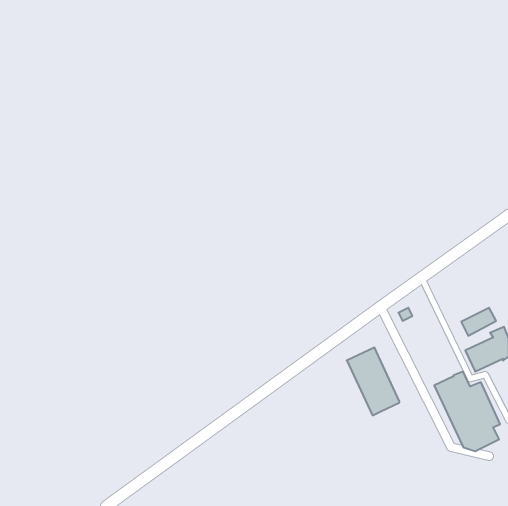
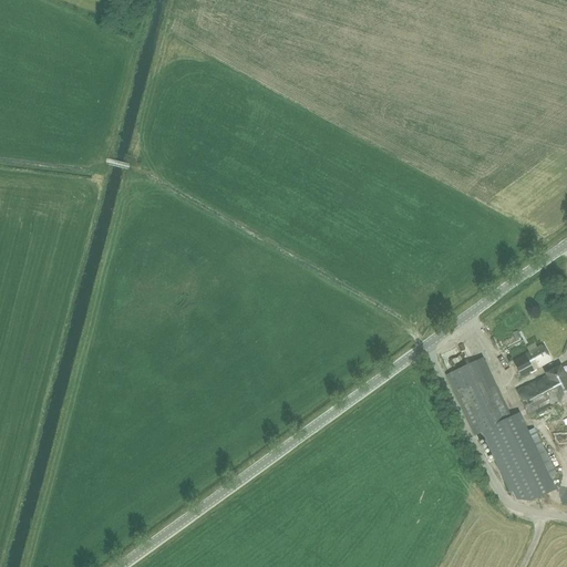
building: [347,348,399,415] -> [446,358,505,433]

